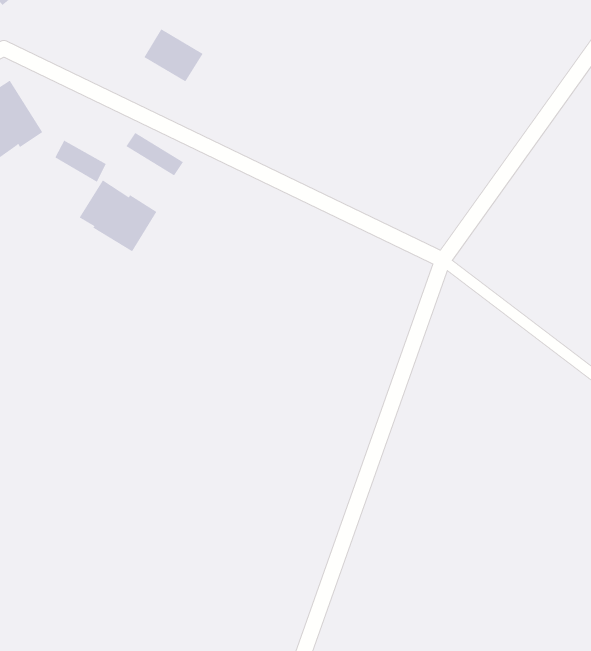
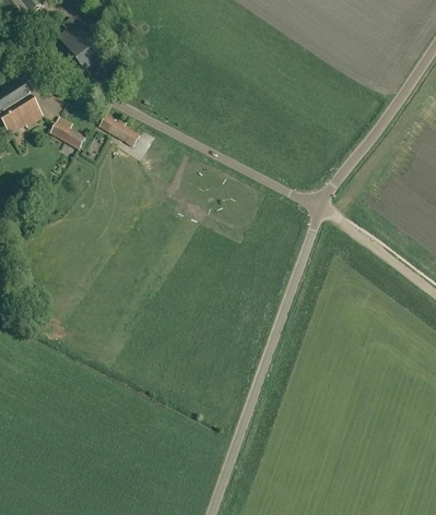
building: [143,29,203,82] -> [62,26,104,63]
building: [79,179,157,252] -> none

